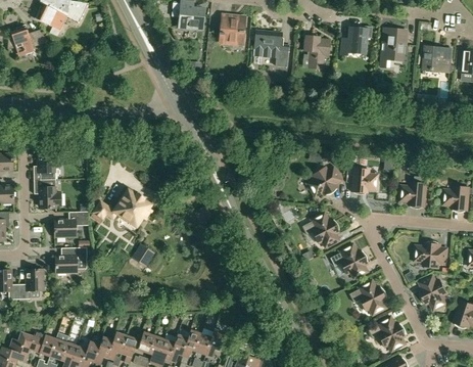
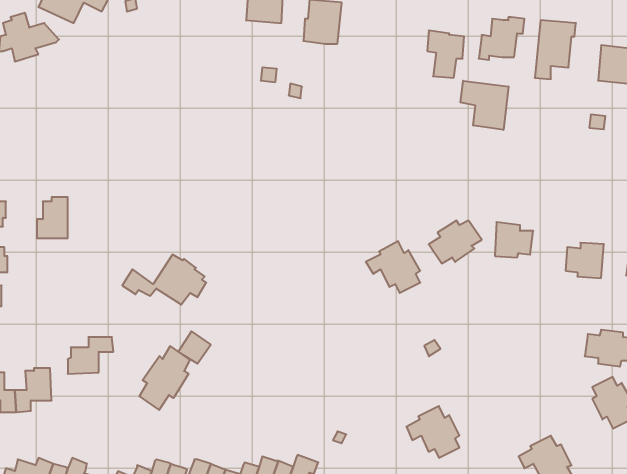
building: [253,30,288,66] -> none
building: none -> [460,81,508,130]
building: [34,179,61,209] -> none
building: [54,212,88,237] -> none
building: [301,212,339,247] -> [366,241,420,293]
building: [330,243,368,279] -> none
building: none -> [139,346,190,410]
building: [349,279,386,315] -> [406,406,459,458]

